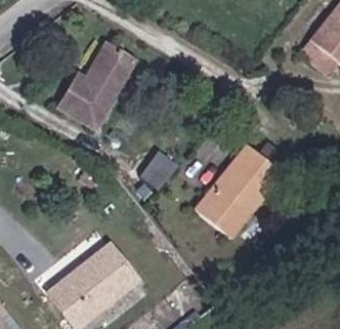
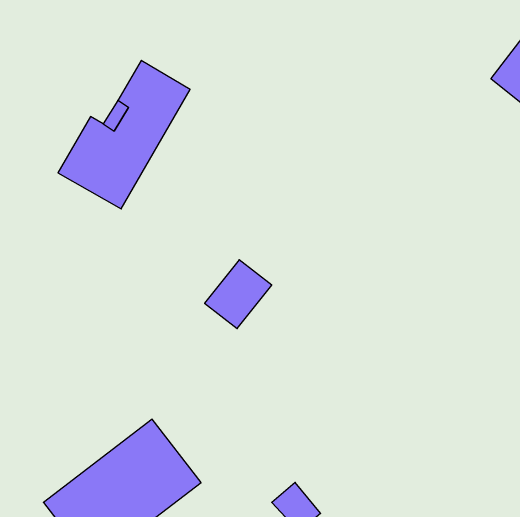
building: [195,145,282,238] -> none

